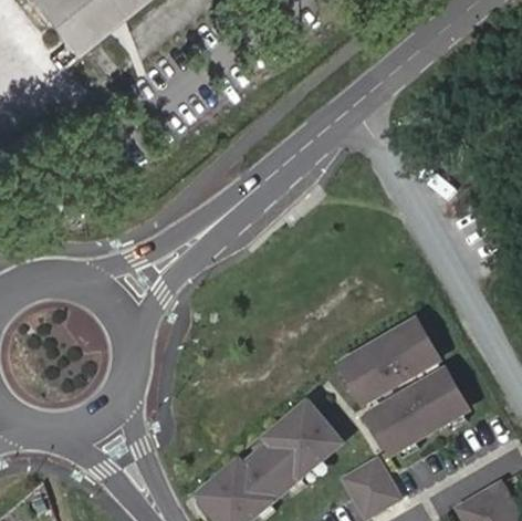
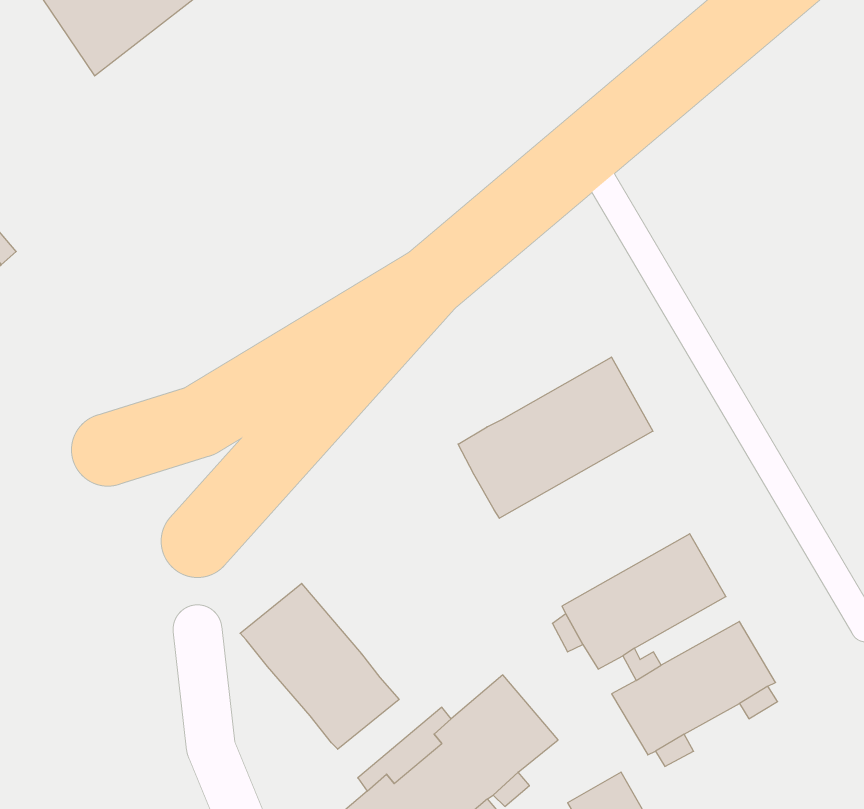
building: none -> [458,357,653,518]
building: none -> [240,583,399,749]

